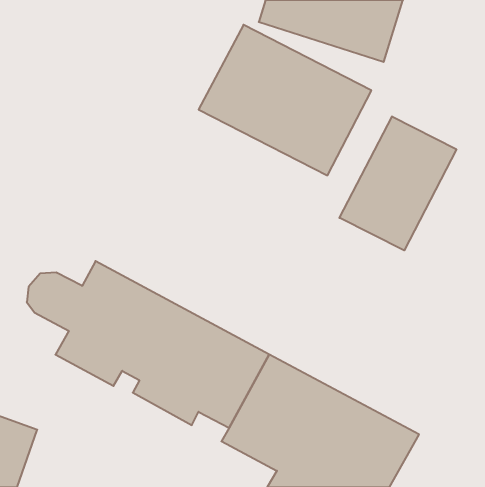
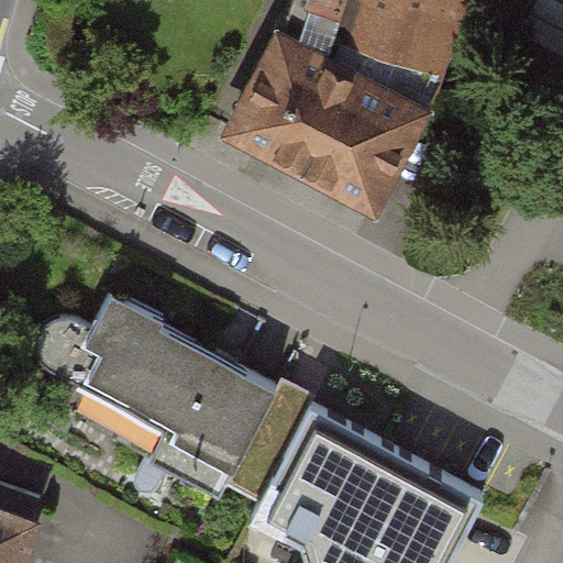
building: [339,116,456,250] -> none

